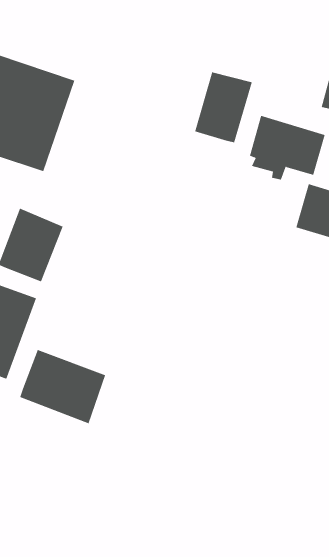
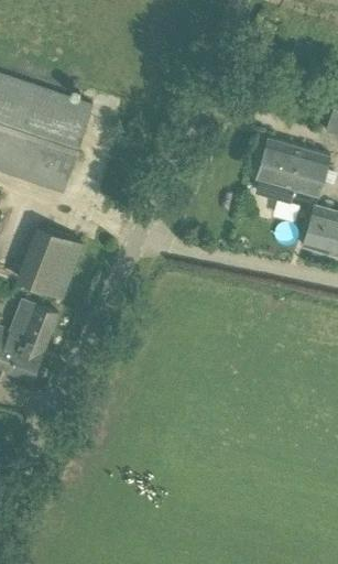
building: [194,71,252,143] -> none
building: [19,349,106,424] -> none

